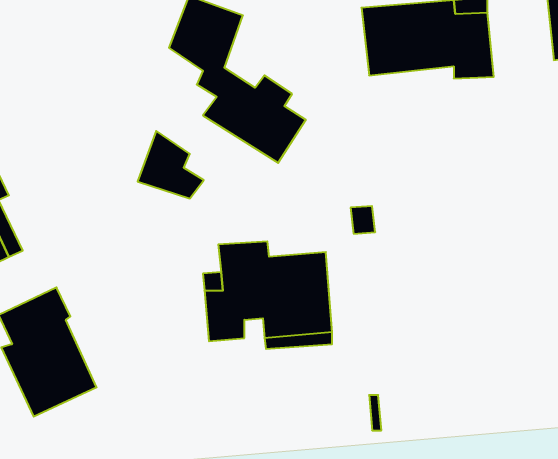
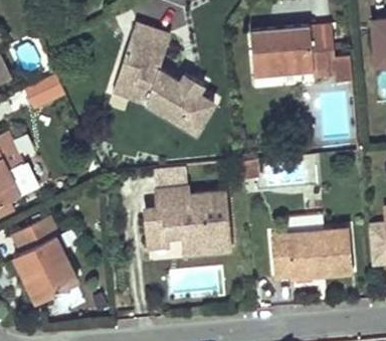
building: none -> [23,72,65,110]
building: [138,131,204,198] -> [111,58,154,103]
building: none -> [268,226,351,278]

